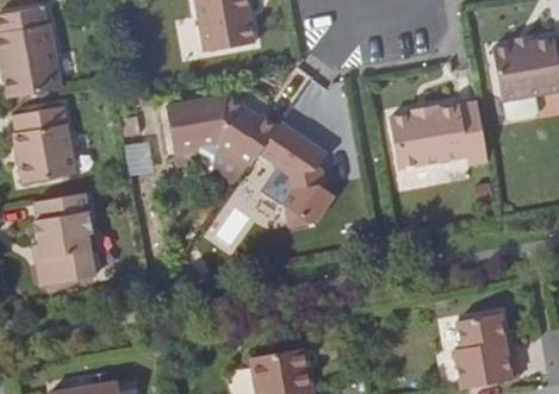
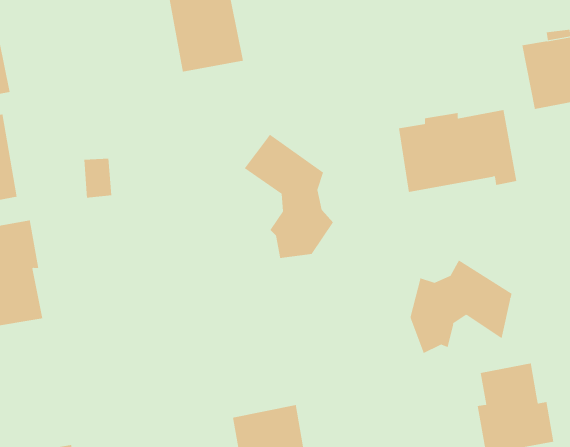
building: [166,94,279,164] -> none
building: none -> [410,259,512,354]

